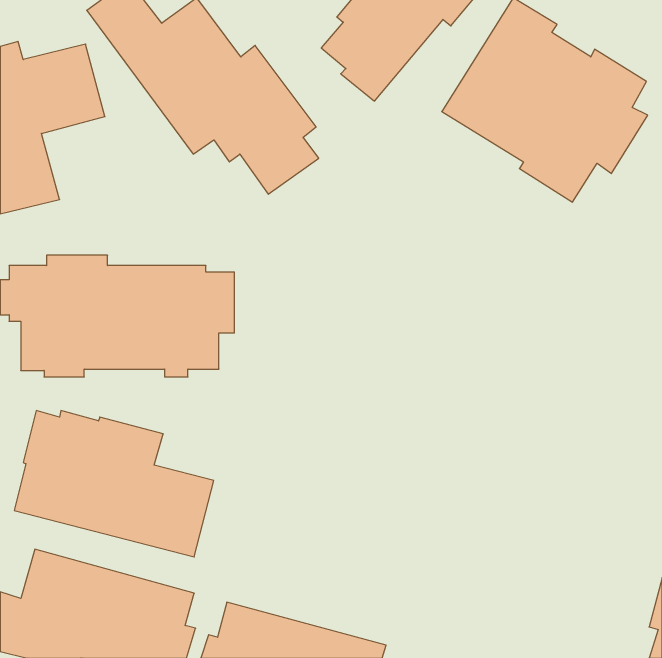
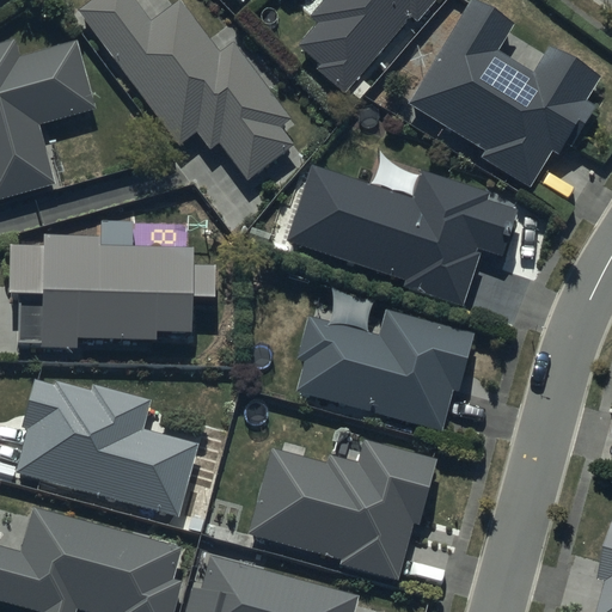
building: none -> [284,164,516,306]
building: none -> [295,308,472,430]
building: none -> [247,440,435,581]

